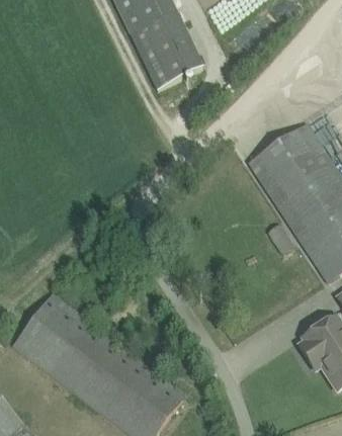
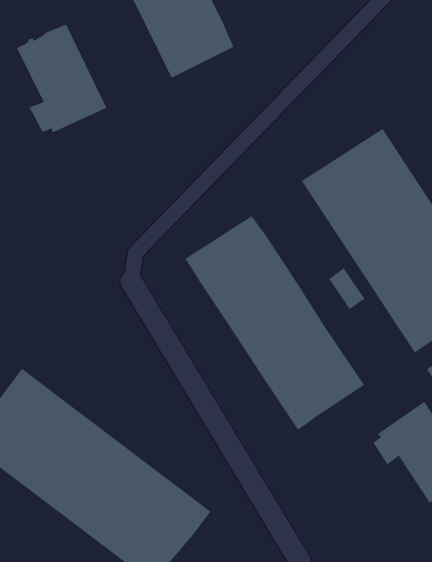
building: none -> [12,24,108,134]
building: none -> [184,215,365,431]

